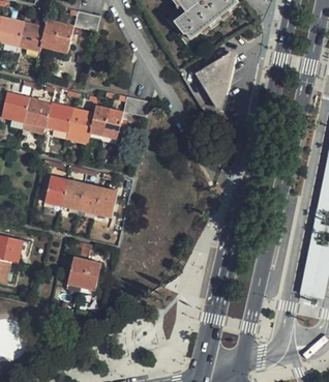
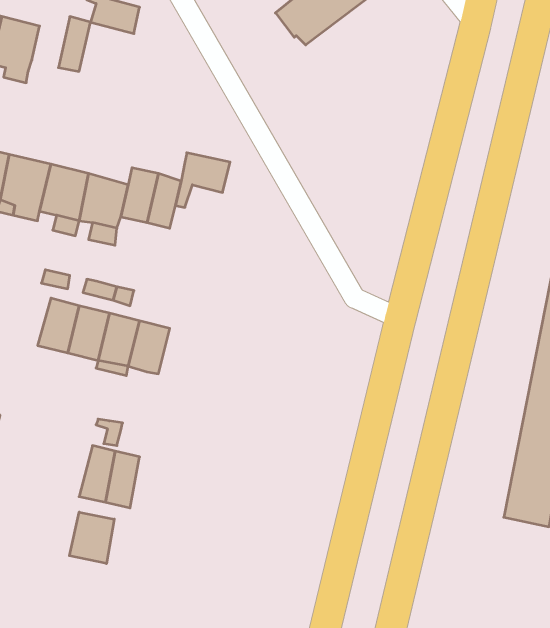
building: [41,19,62,50] -> none
building: [196,50,234,106] -> none
building: none -> [69,512,114,564]

